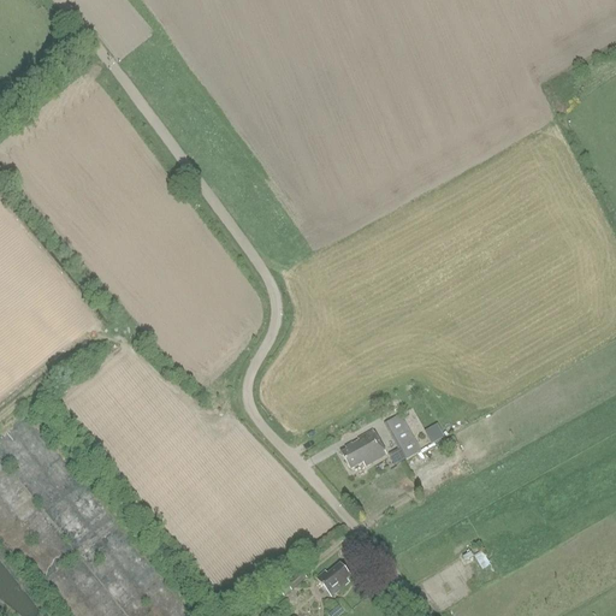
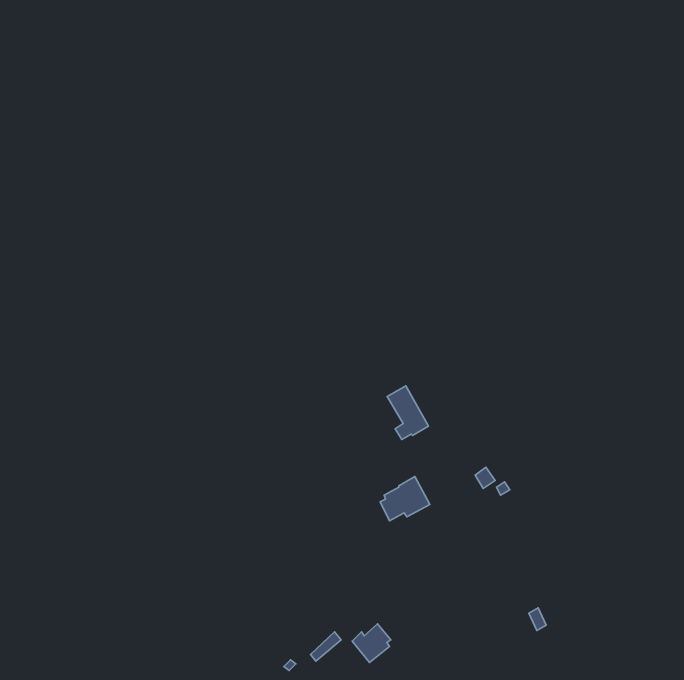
building: [384,413,421,461] -> [387,386,429,439]

